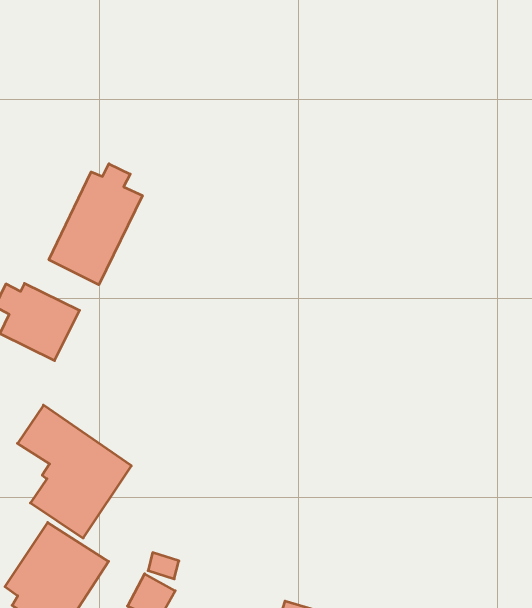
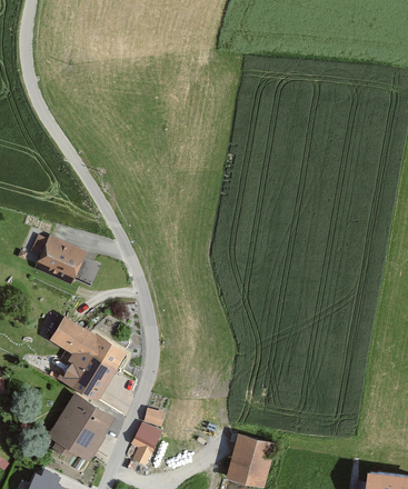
building: [49,164,142,285] -> none

